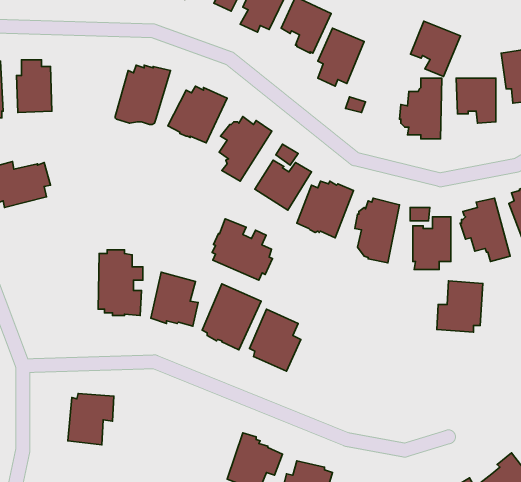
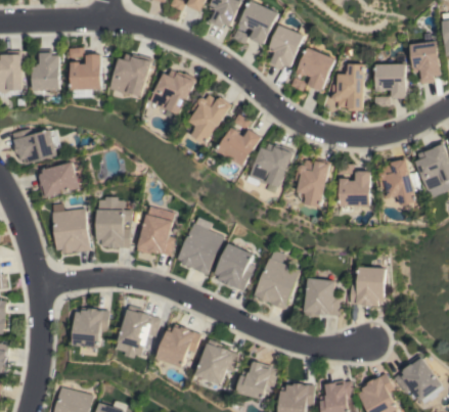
building: [411,21,461,77] -> [296,47,334,90]
building: none -> [72,54,102,98]
building: none -> [38,162,82,197]
building: [212,219,273,280] -> none
building: none -> [51,205,89,254]
building: [437,281,483,332] -> [349,266,385,306]
building: none -> [253,249,300,309]
building: none -> [304,277,340,316]
building: none -> [118,305,161,358]
building: none -> [158,324,200,367]

